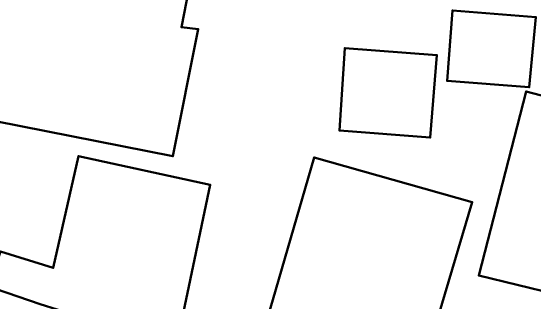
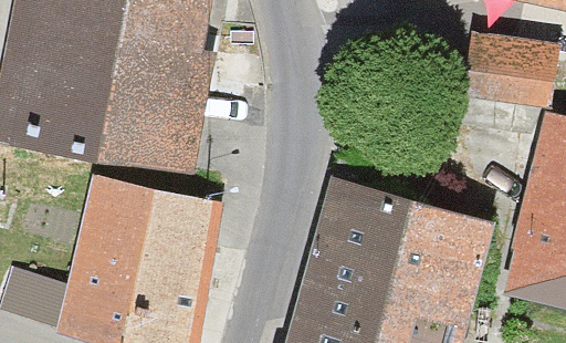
building: [339,48,437,138] -> none

